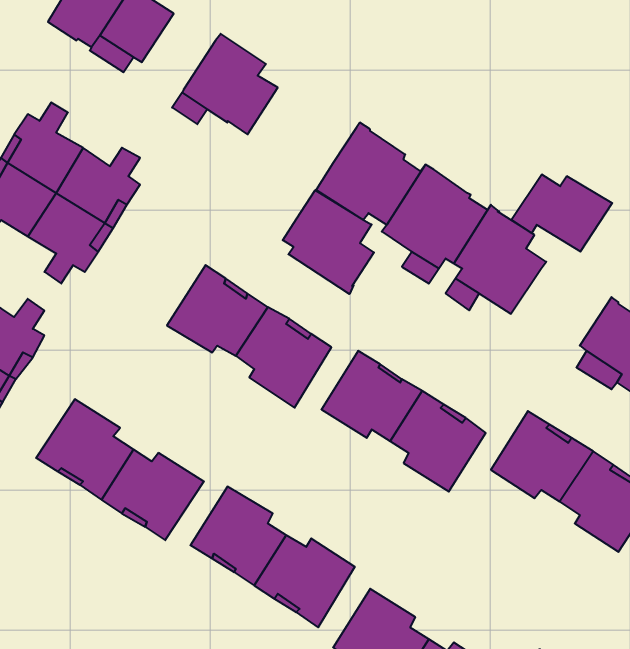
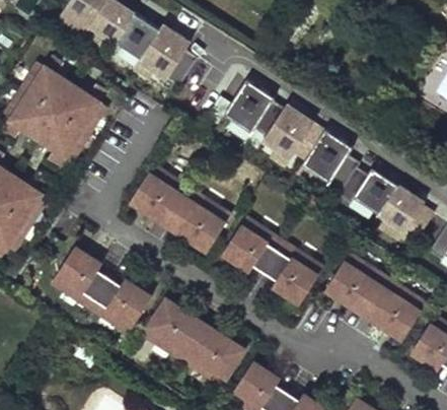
building: none -> [115,13,159,59]
building: [512,175,612,252] -> [338,167,398,214]
building: [283,190,374,294] -> none

